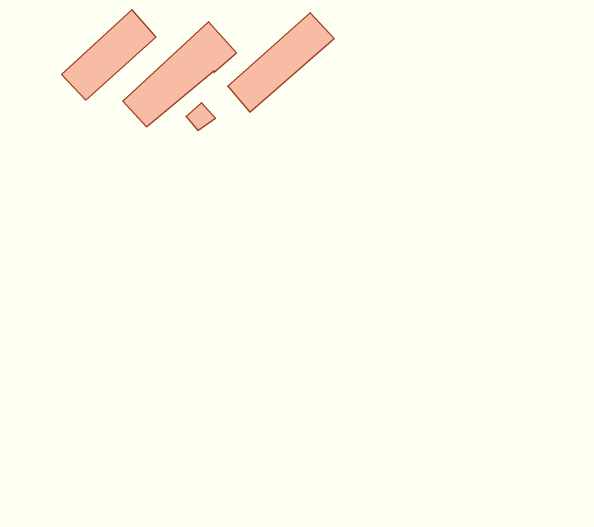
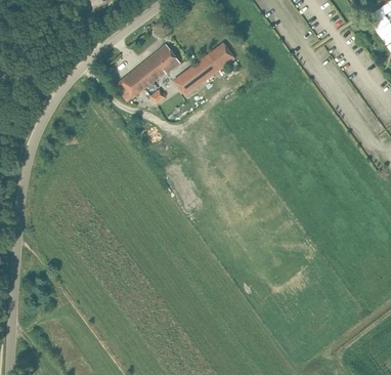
building: [62,10,156,100] -> none

